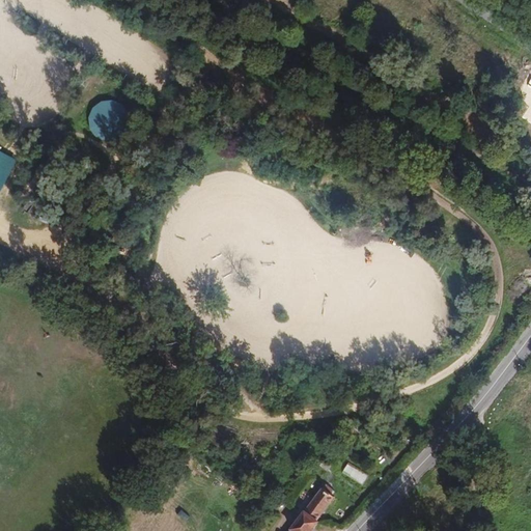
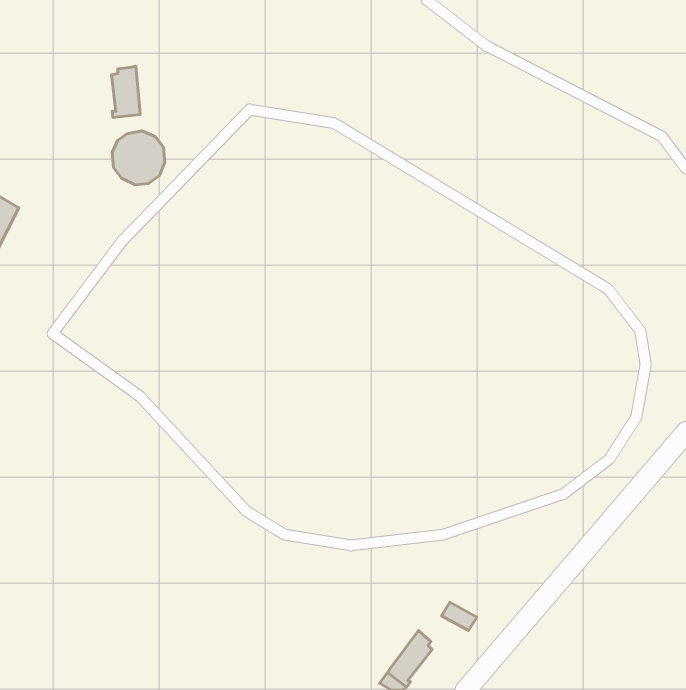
building: none -> [111,66,140,117]

